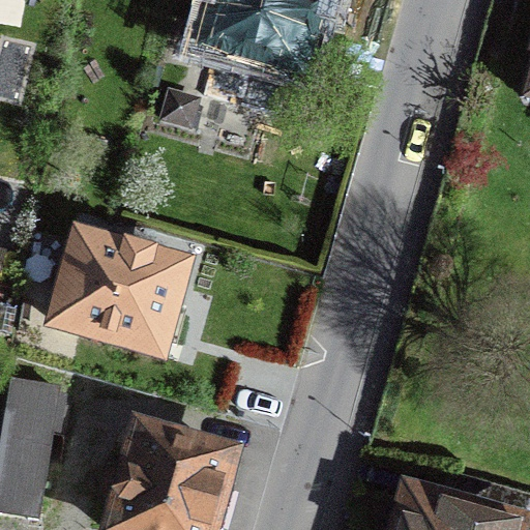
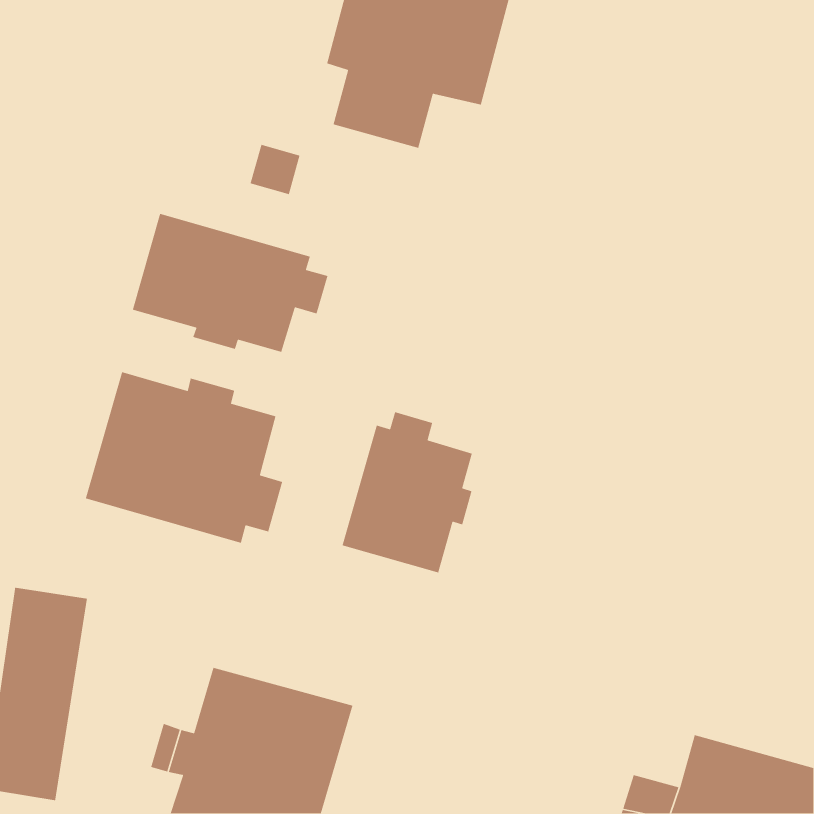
building: none -> [132,213,328,353]
building: none -> [342,411,473,574]

